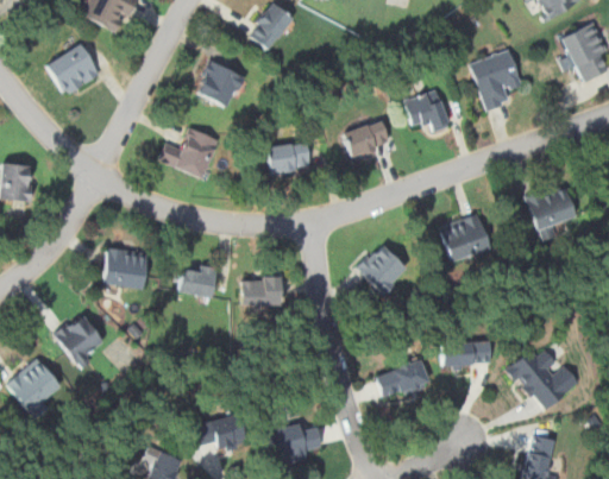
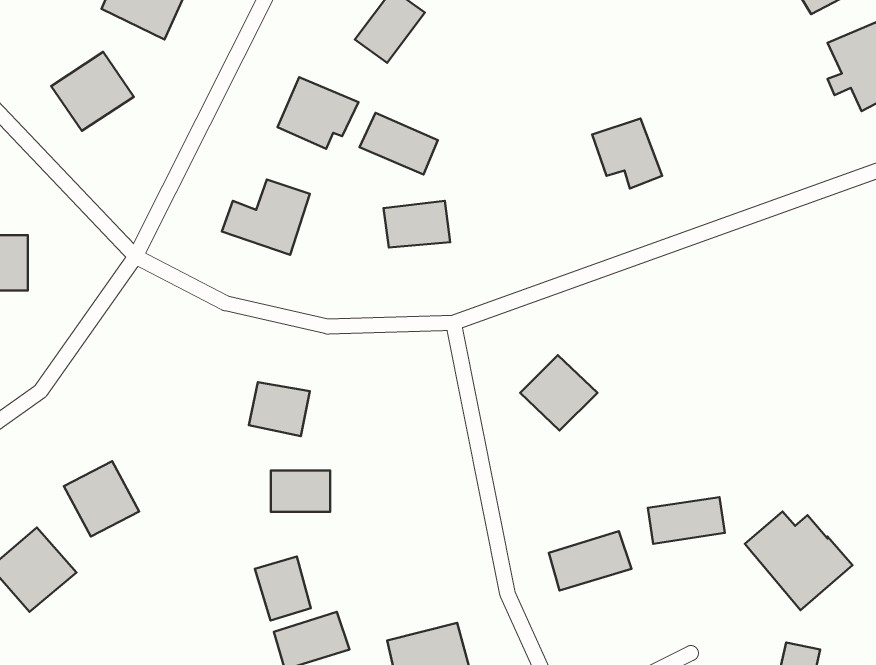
building: [470,49,523,109] -> none
building: none -> [359,113,438,175]
building: [343,118,391,157] -> none
building: [526,182,576,229] -> none
building: [439,212,491,261] -> none
building: [103,248,147,288] -> none
building: [241,276,281,303] -> [271,470,330,512]
building: none -> [255,556,311,621]

